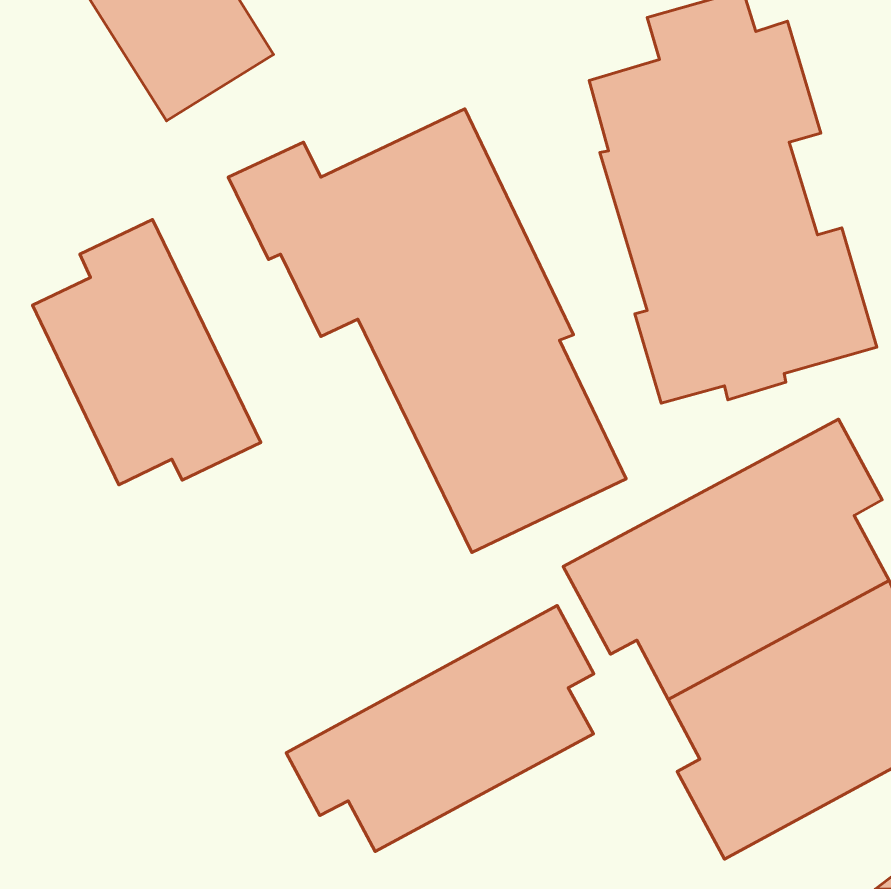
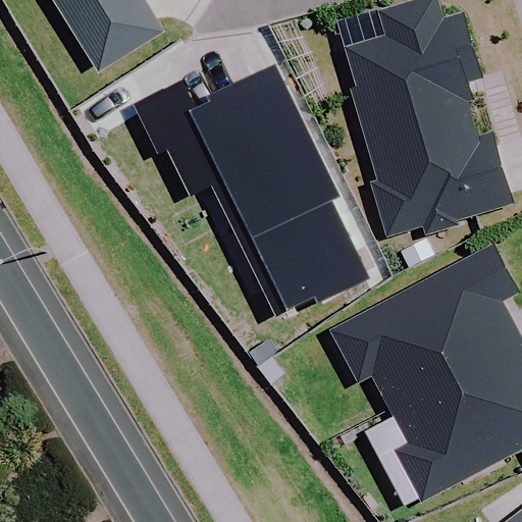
building: [32,219,261,485] -> none
building: [286,606,594,851] -> none

